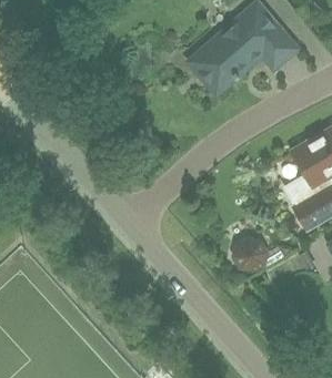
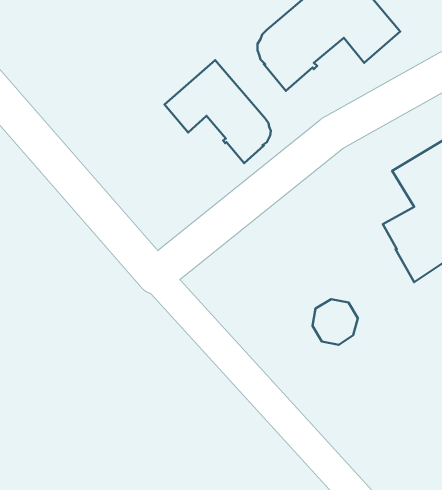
building: none -> [164,60,271,163]

